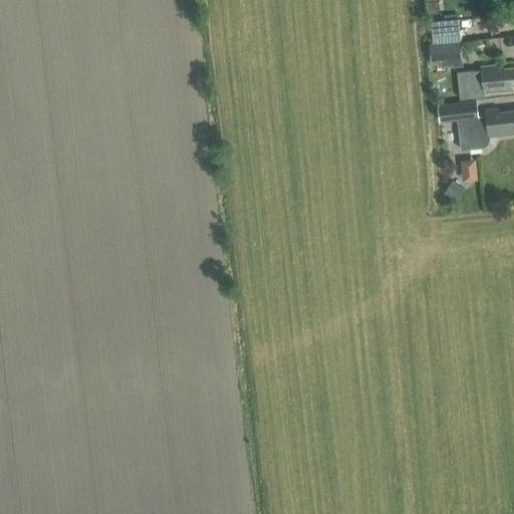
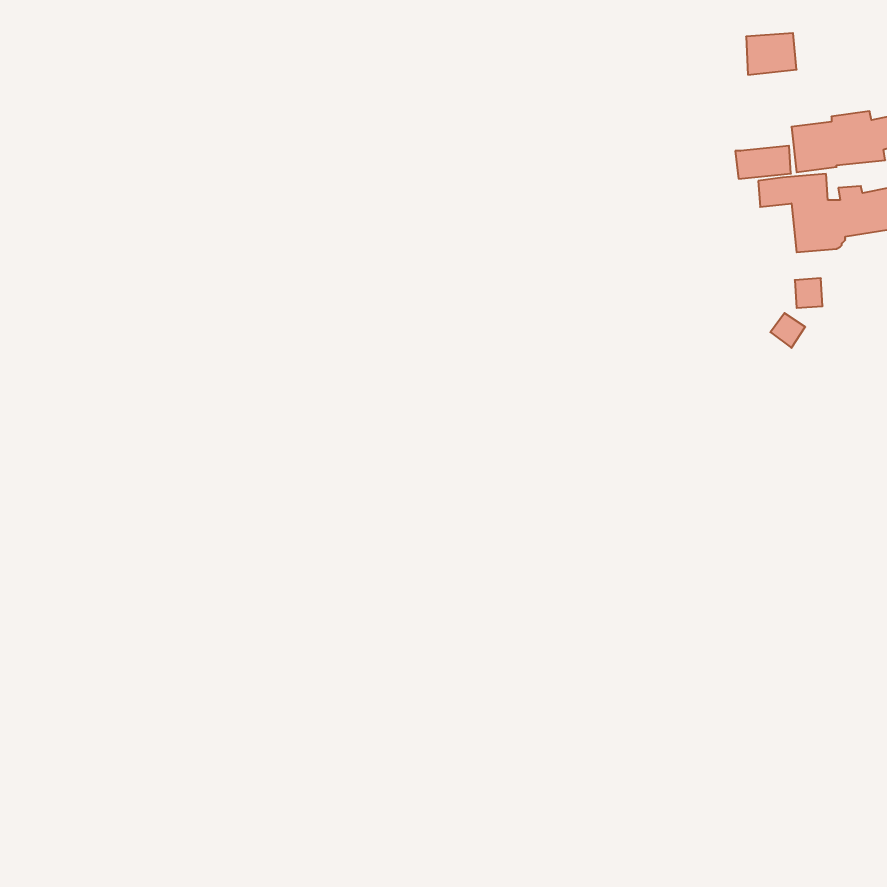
building: [430,41,462,60] -> [735,146,791,179]

